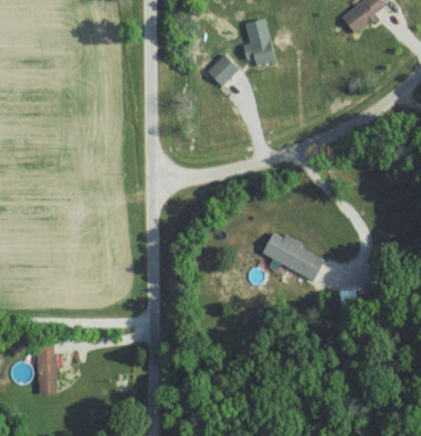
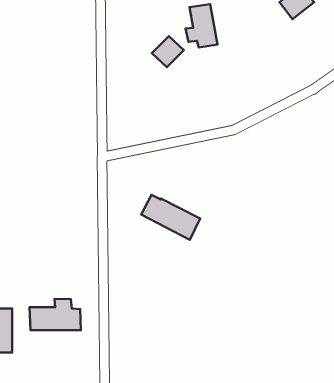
building: [262,232,326,280] -> [141,195,200,240]
building: none -> [29,299,81,330]

